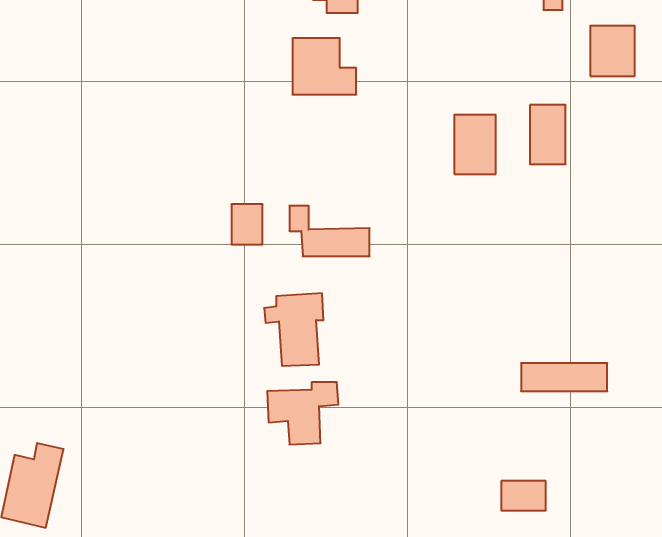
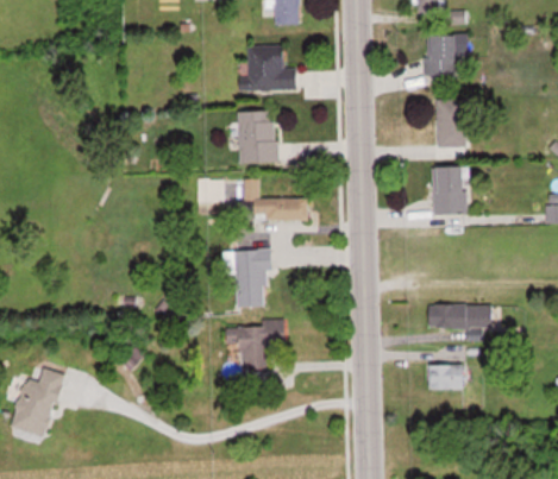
building: [590,26,635,76] -> [426,36,462,76]
building: [454,115,496,174] -> [432,166,465,214]
building: none -> [237,112,277,163]
building: [501,481,546,511] -> [428,366,464,390]

